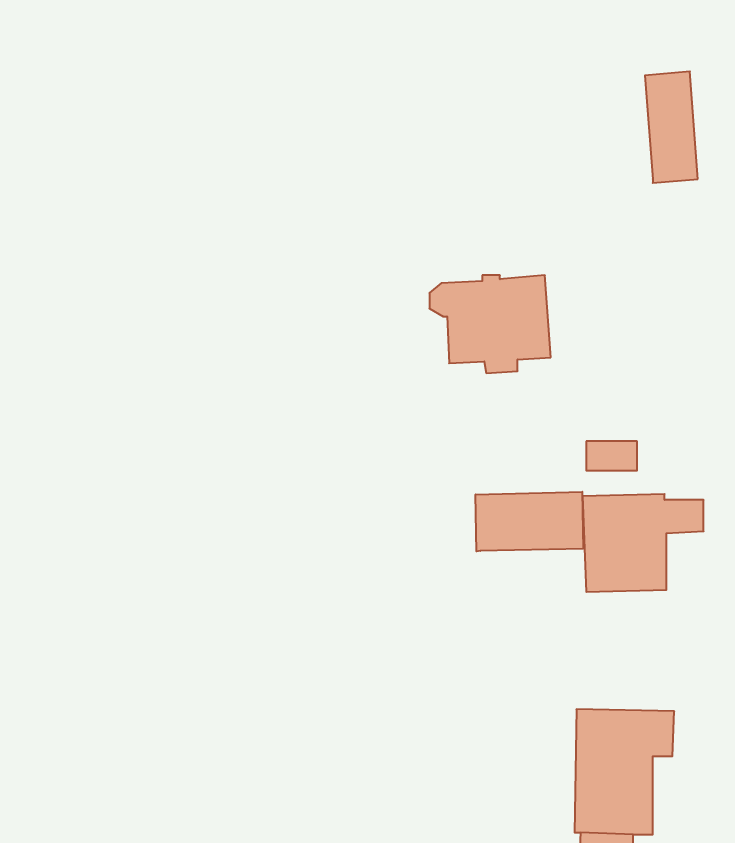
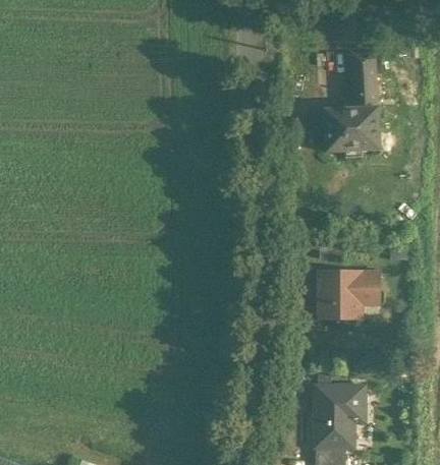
building: [429,275,551,373] -> [318,107,381,158]
building: [476,492,583,551] -> none

